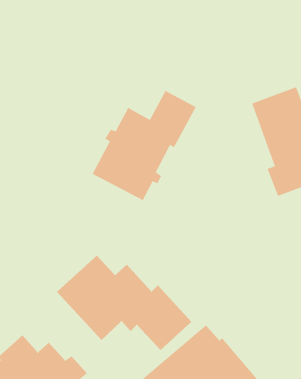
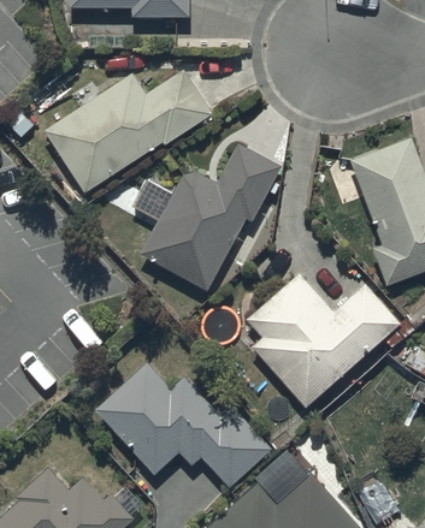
building: none -> [45,71,212,194]
building: none -> [247,274,400,408]

